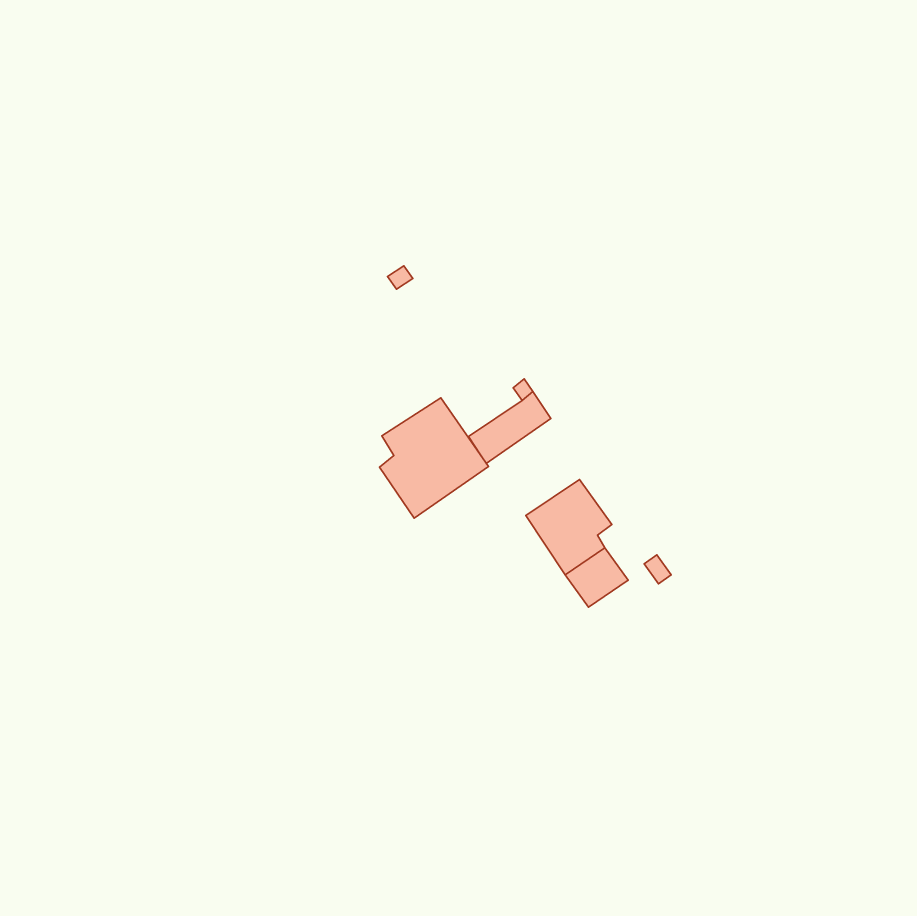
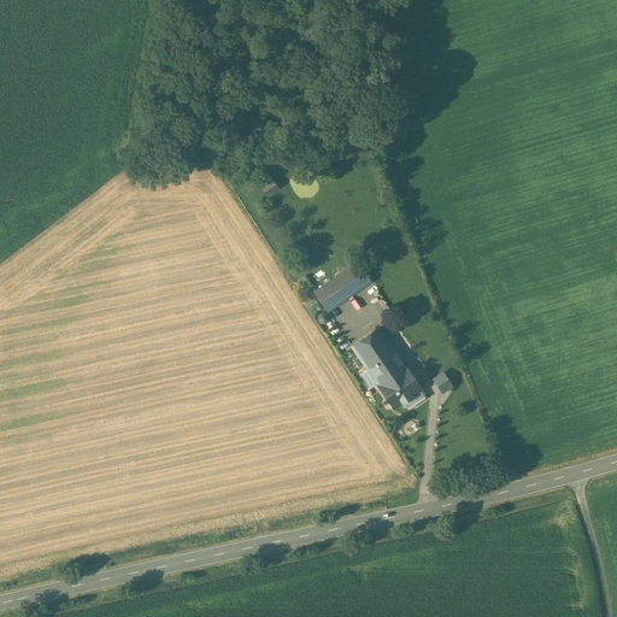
building: [380,398,488,518] -> none

